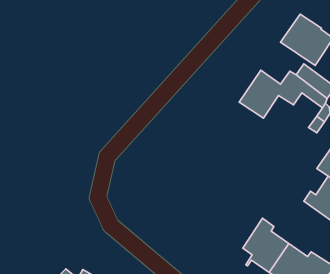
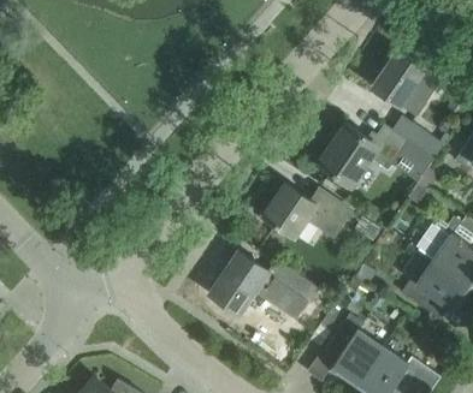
building: none -> [262,185,350,237]
building: none -> [209,252,319,320]

